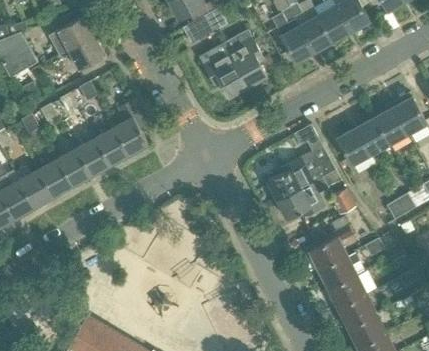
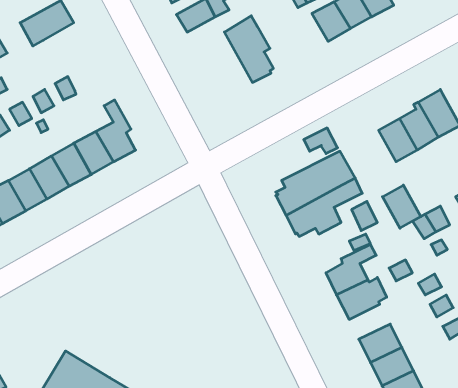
building: [280,28,312,62] -> none
building: [68,36,105,71] -> none
building: [199,44,247,96] -> none
building: [337,128,370,165] -> [382,185,421,228]
building: [330,277,365,307] -> none

